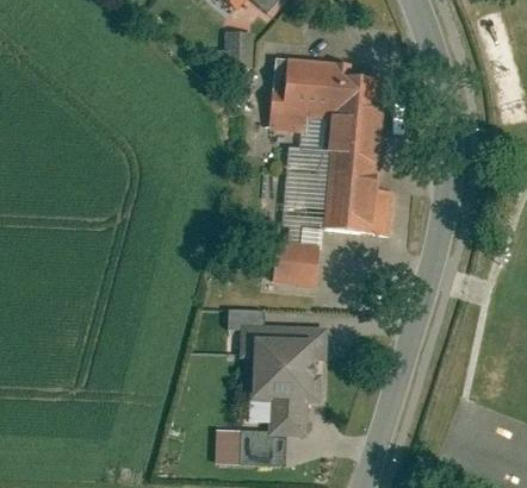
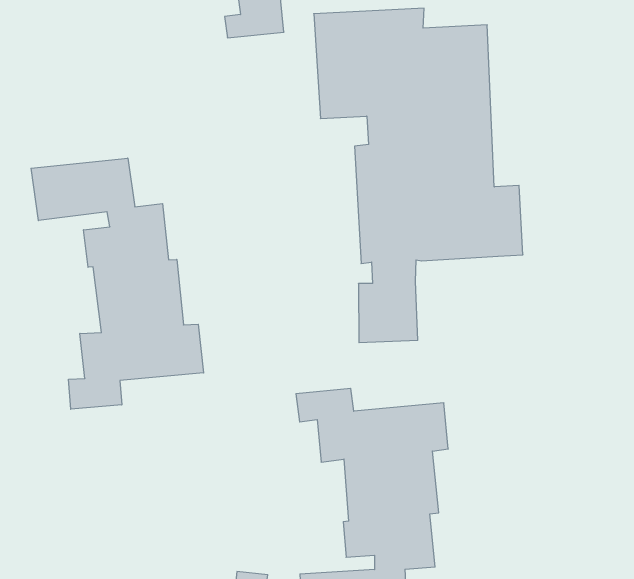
building: none -> [31,158,204,409]

